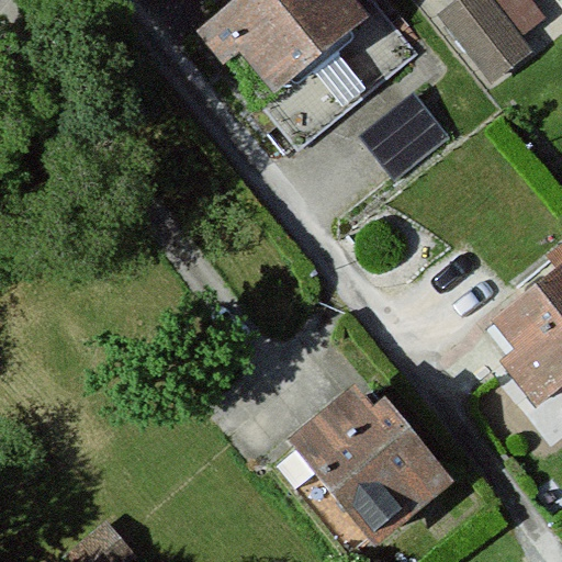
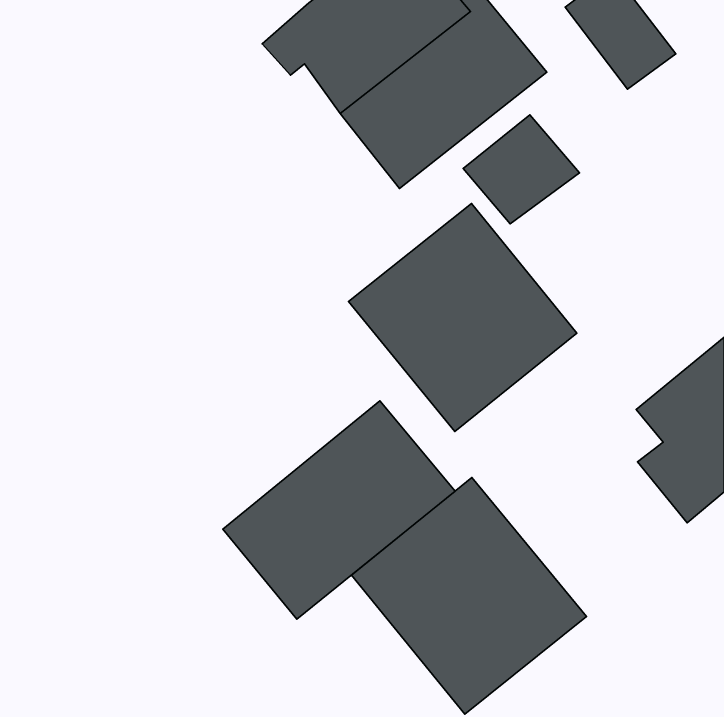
building: none -> [348,203,577,432]
building: none -> [223,401,455,619]

